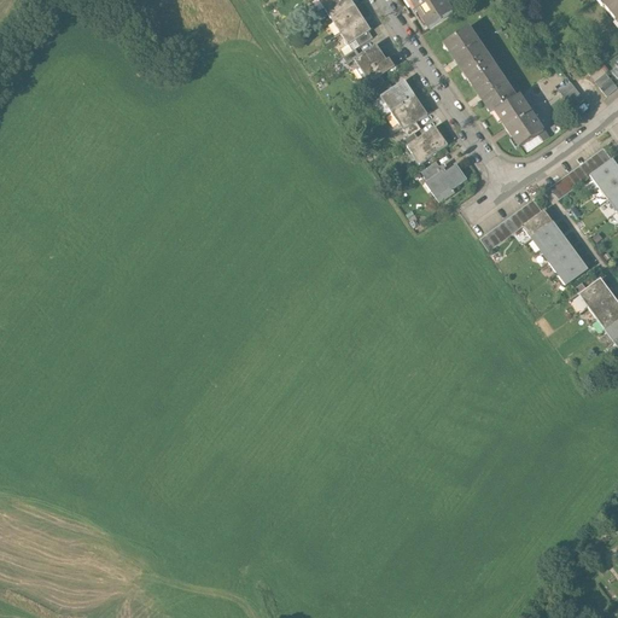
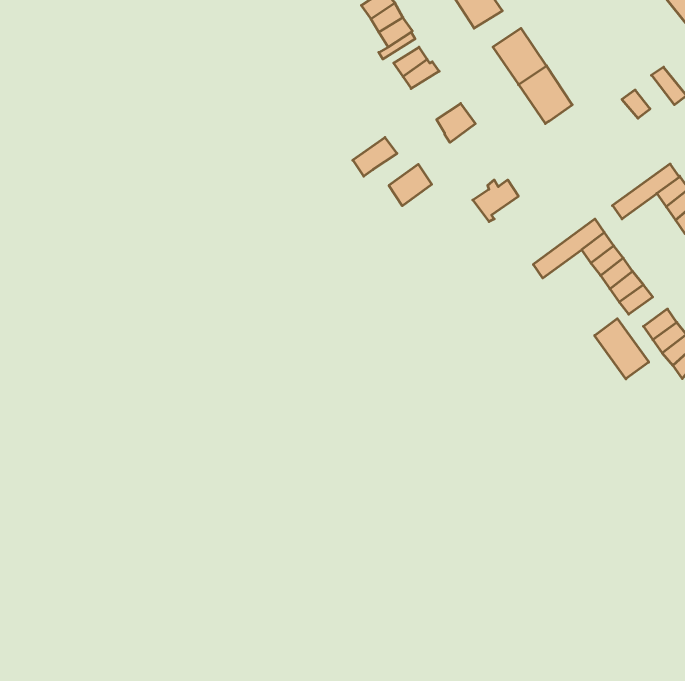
building: [375,78,415,113] -> [353,137,397,176]
building: [495,92,544,145] -> none
building: [409,124,448,162] -> [389,164,432,206]
building: none -> [595,319,649,379]

